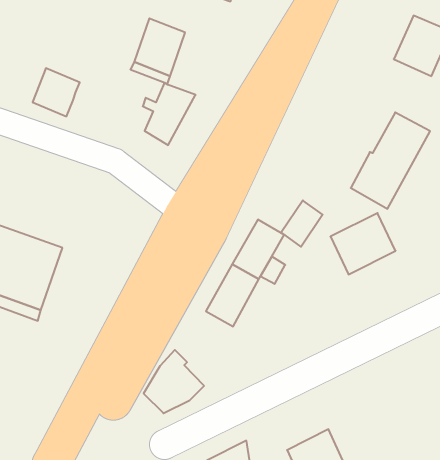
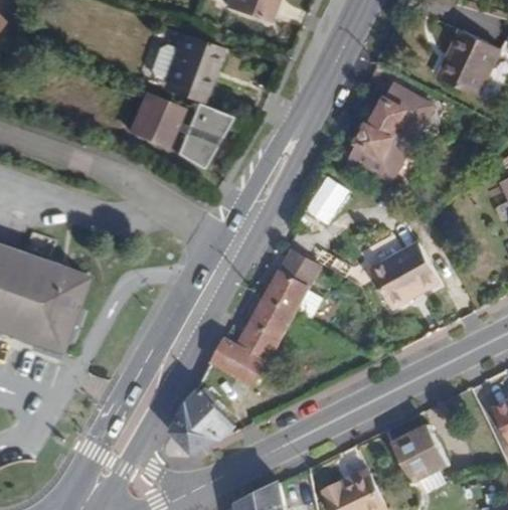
building: [33,68,80,116] -> [127,92,177,143]
building: [351,112,430,209] -> [347,81,432,184]
building: [281,200,323,247] -> [306,172,350,221]
building: none -> [213,337,268,382]
building: none -> [393,422,456,493]

